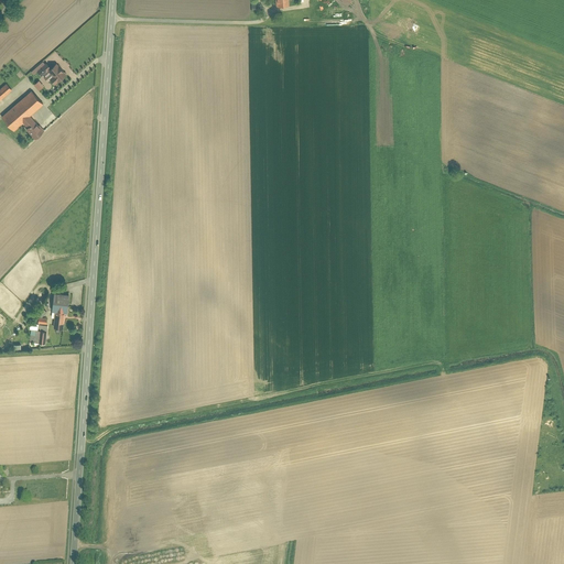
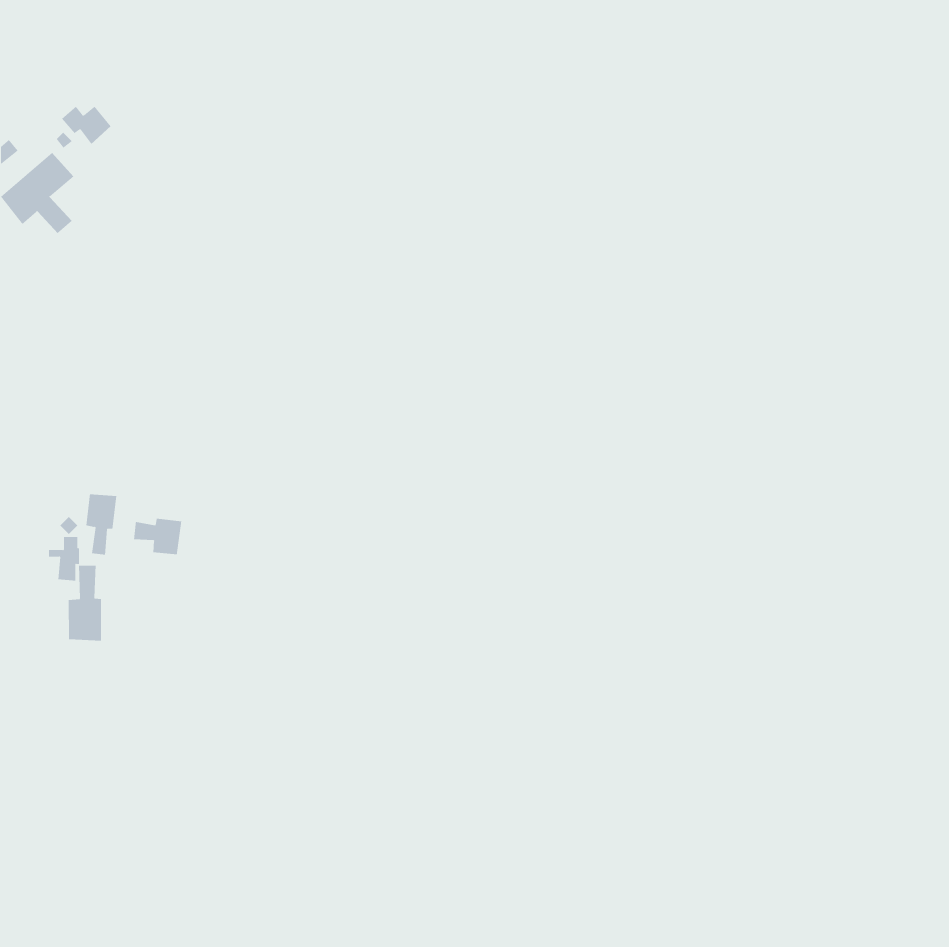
building: none -> [134,518,182,555]
building: none -> [68,565,101,641]

